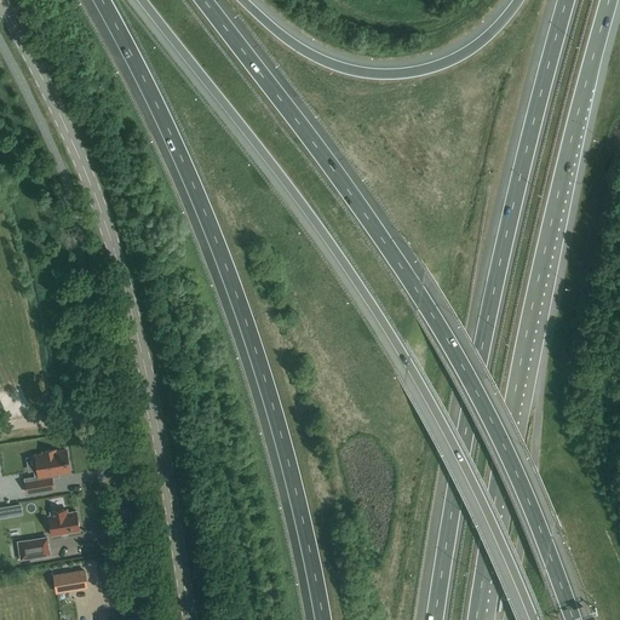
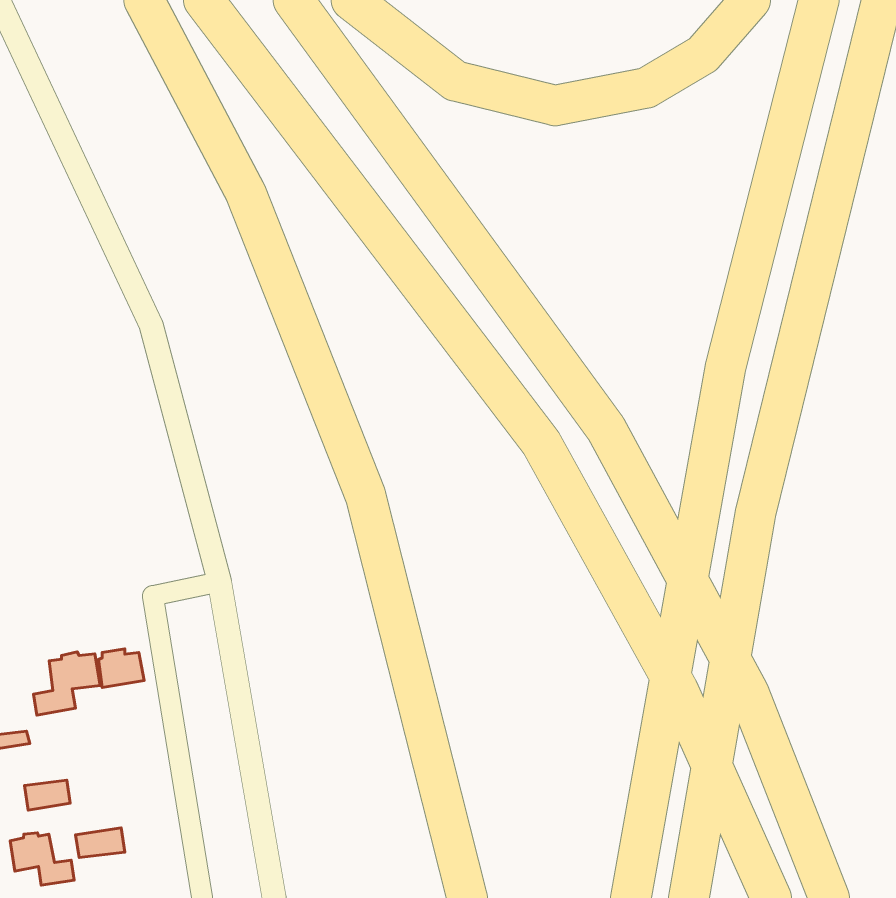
building: [47,509,79,535] -> [99,649,144,688]
building: none -> [10,833,74,885]

